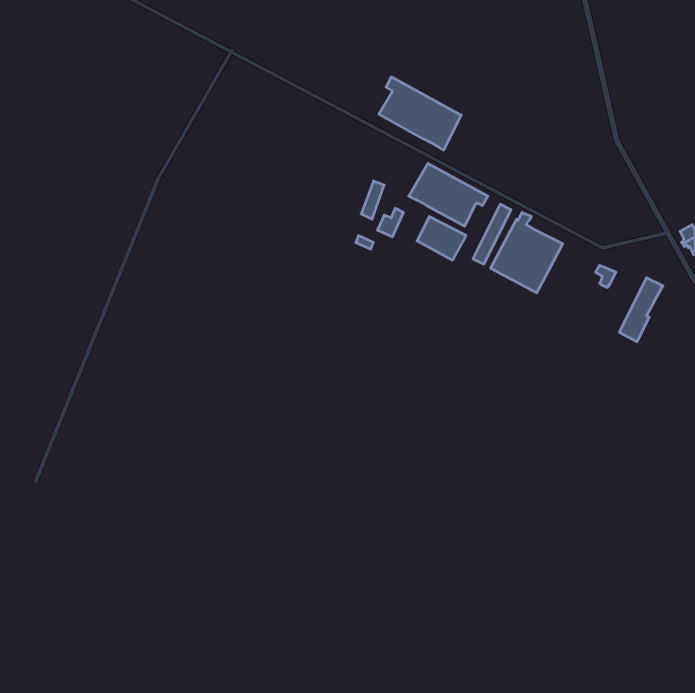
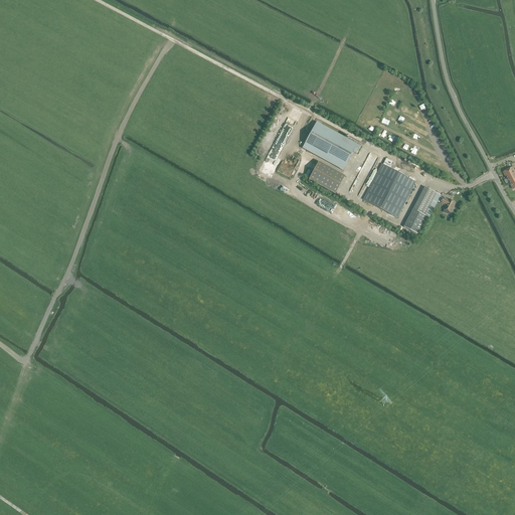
building: [379,77,461,150] -> none
building: [619,278,663,342] -> [403,185,436,232]

